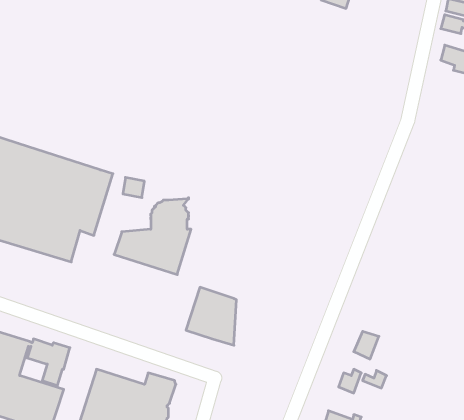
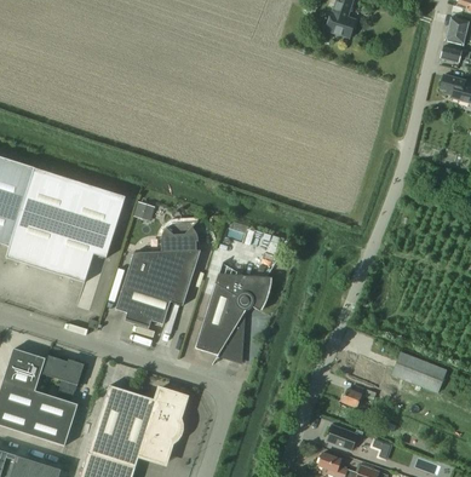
building: none -> [208,260,269,316]
building: none -> [115,274,186,326]
building: none -> [391,351,446,391]

